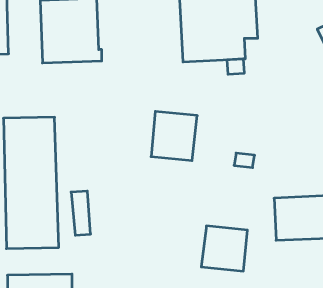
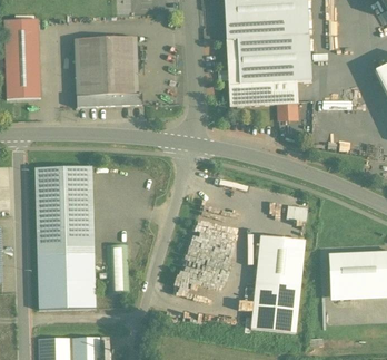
building: [151,111,197,161] -> [255,234,305,288]

